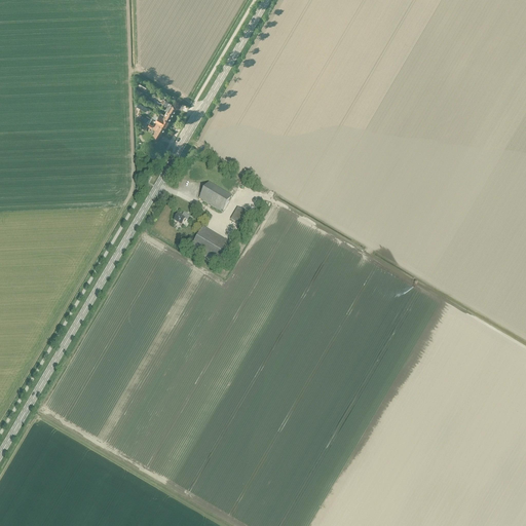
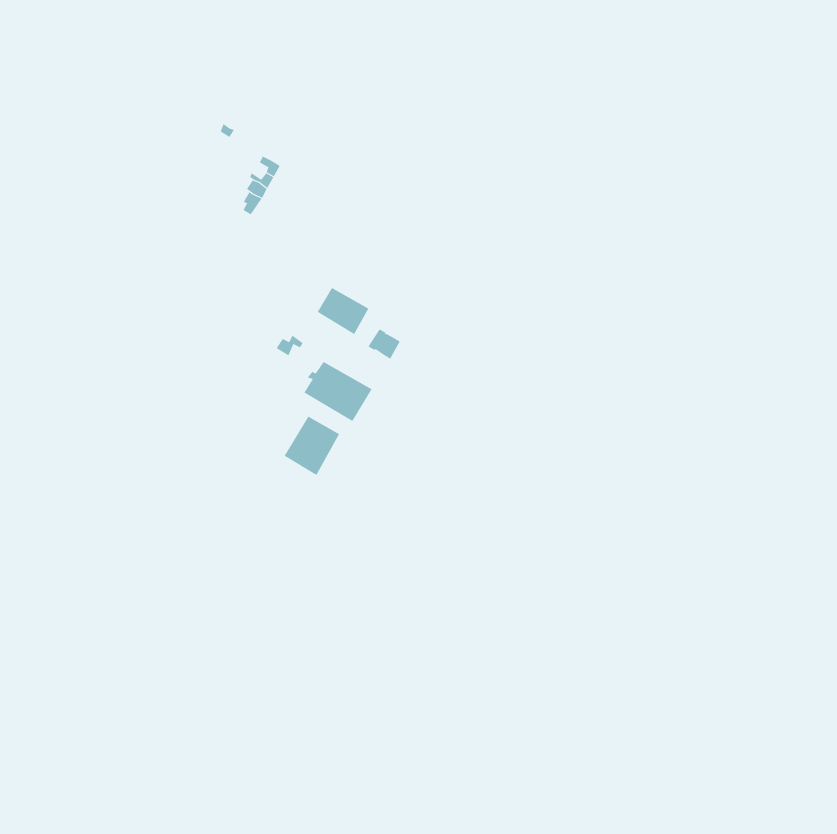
building: none -> [284,416,340,476]

